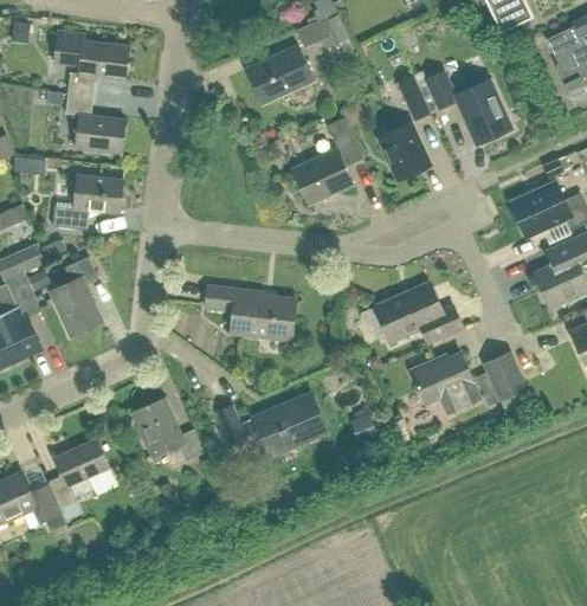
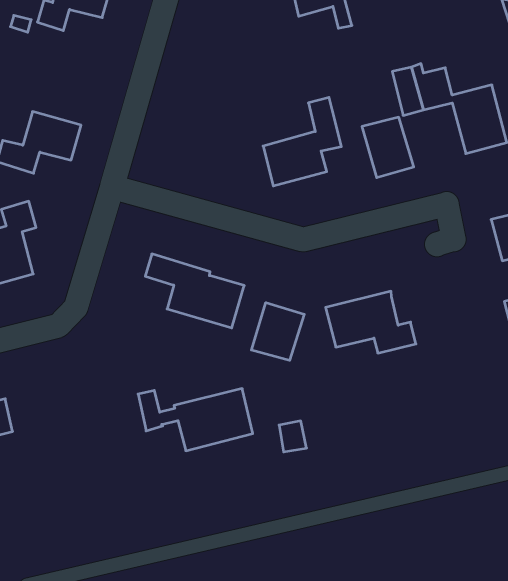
building: [246,46,312,103] -> none
building: [65,94,125,153] -> none
building: none -> [251,303,304,360]
building: [482,350,528,402] -> none
building: [409,353,480,413] -> none
building: [131,398,202,462] -> none

